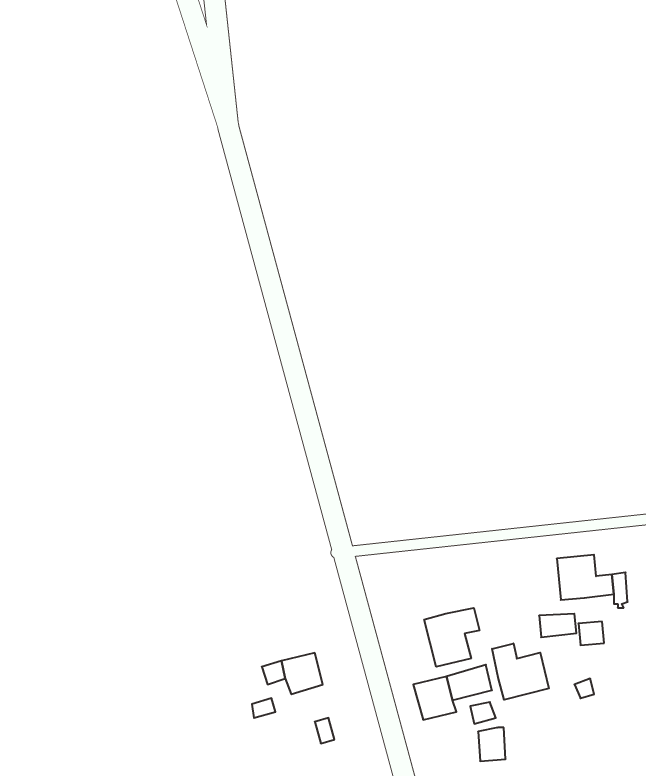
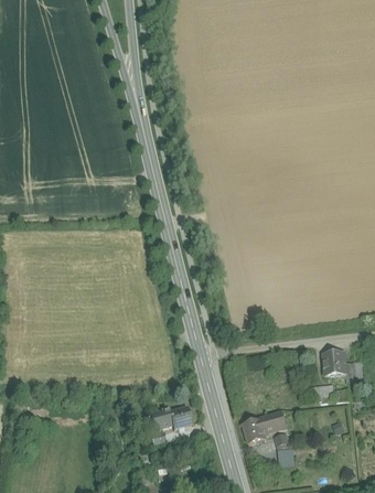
building: [424,608,479,667] -> none
building: [492,643,549,700] -> none

